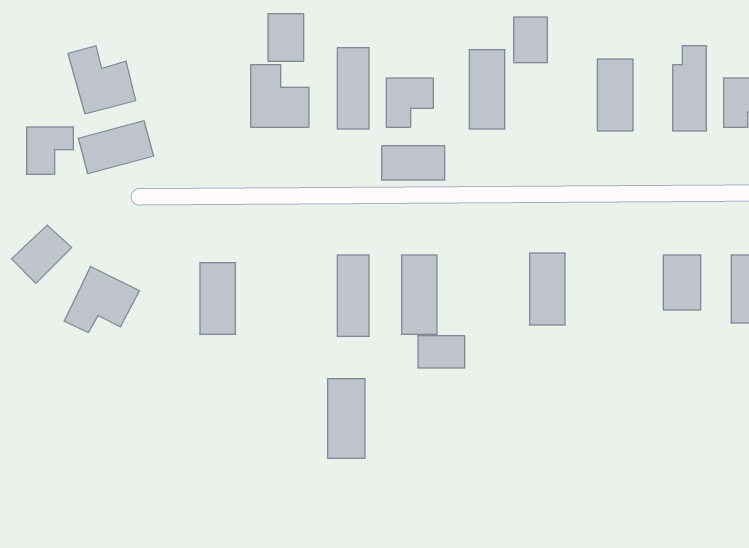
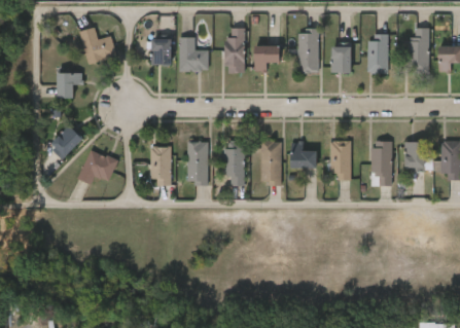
building: [268,14,304,61] -> [151,38,171,64]
building: [514,17,547,62] -> [331,46,350,71]
building: [78,121,153,174] -> none
building: [382,146,445,180] -> none
building: none -> [373,141,391,185]
building: [418,336,465,368] -> [289,149,315,167]
building: [327,379,365,458] -> [187,141,208,184]

